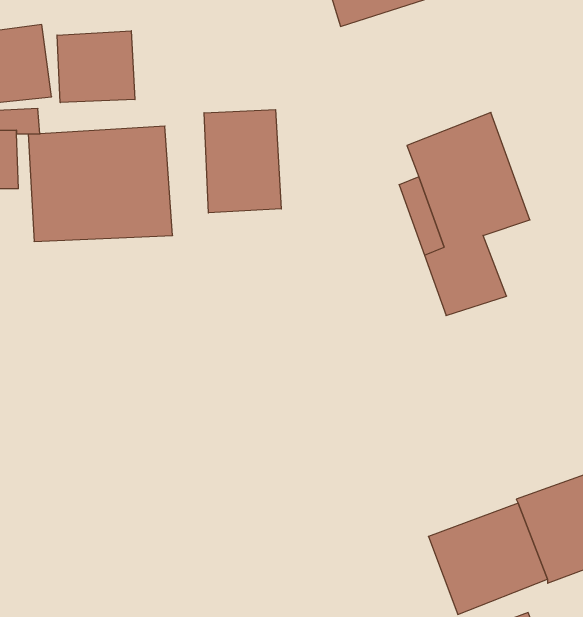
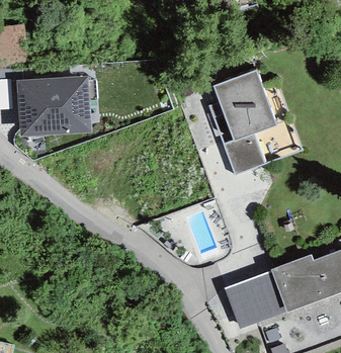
building: [57,31,135,103] -> none
building: [204,110,281,213] -> none

